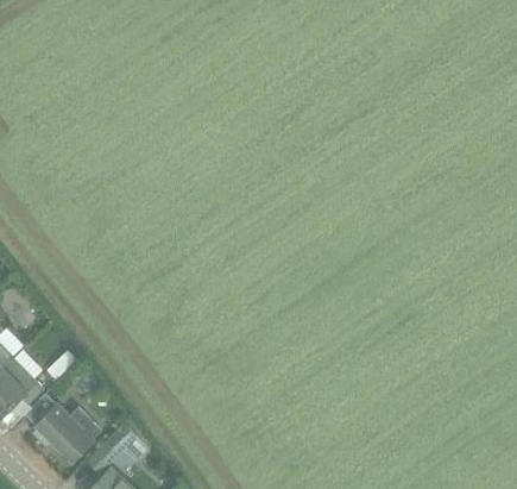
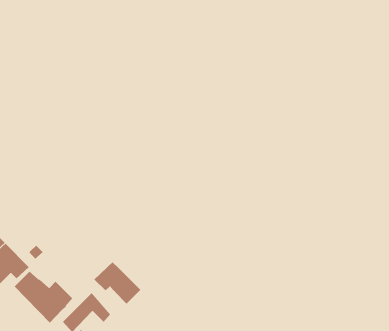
building: none -> [93,261,141,304]

